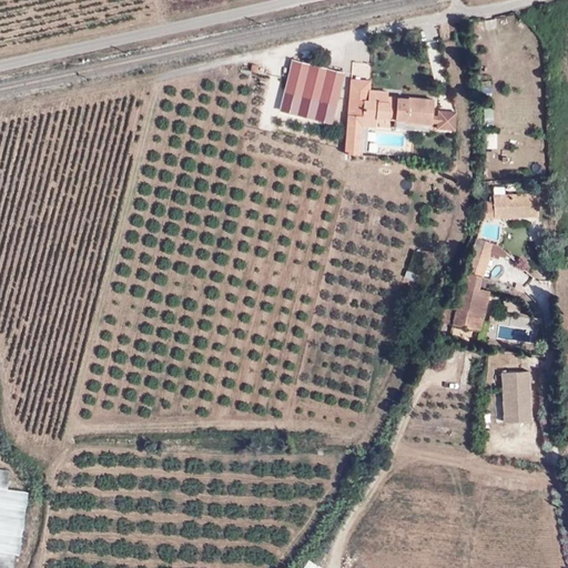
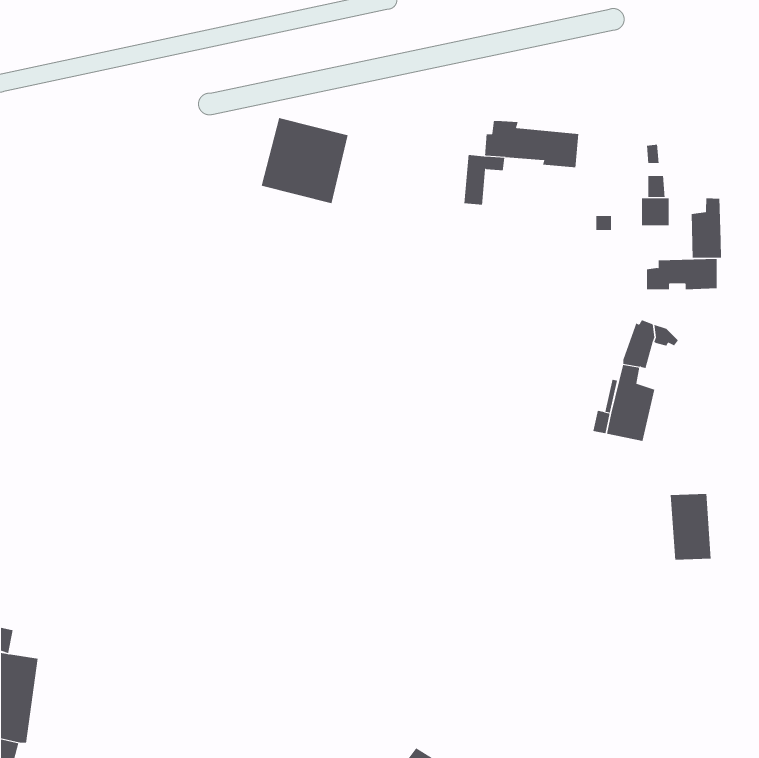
building: [280,60,345,124] -> [261,117,348,204]
building: [349,81,372,118] -> none
building: [434,110,455,131] -> [641,198,669,226]
building: none -> [691,197,722,259]

